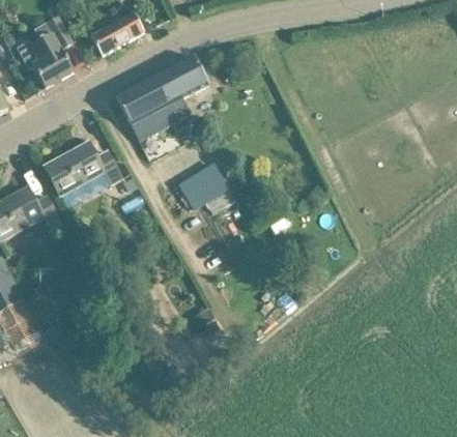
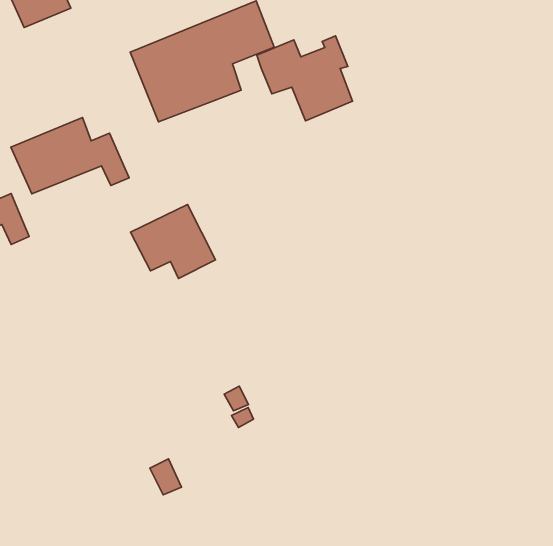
building: none -> [257,36,353,121]
building: [179,165,236,213] -> [130,204,215,278]

